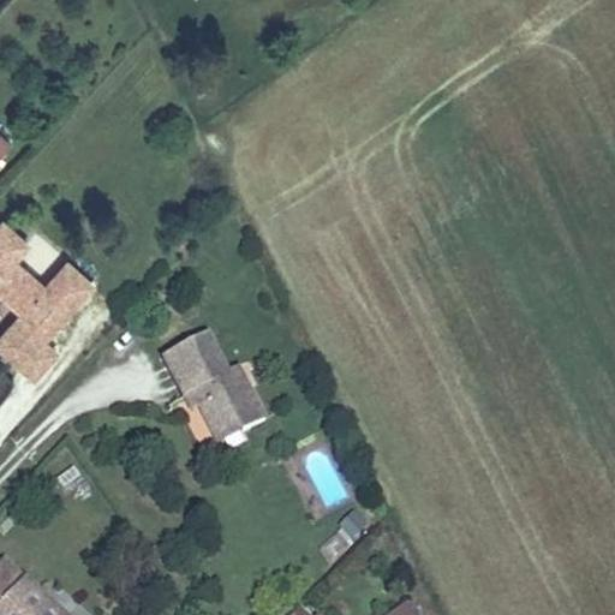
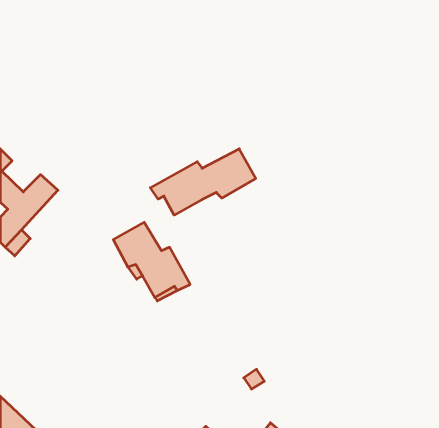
building: none -> [150,149,256,215]

